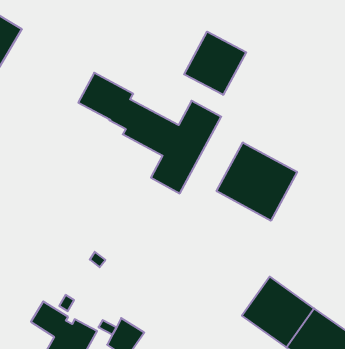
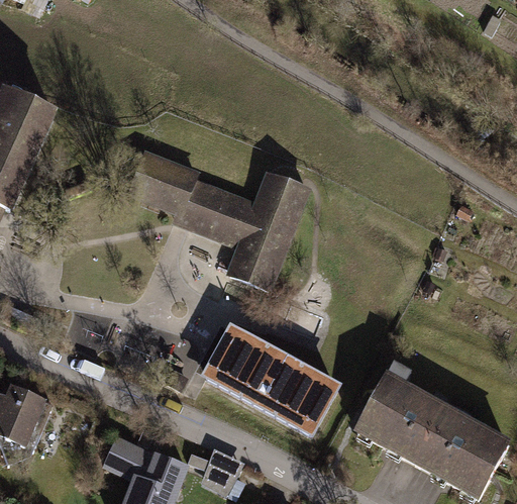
building: [184,32,246,95] -> none
building: [217,142,297,221] -> none
building: none -> [197,324,338,434]

